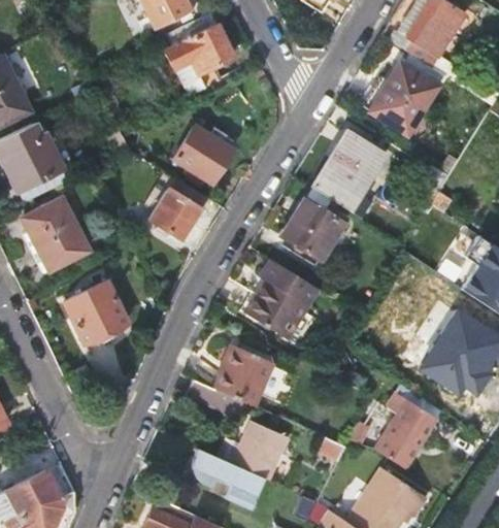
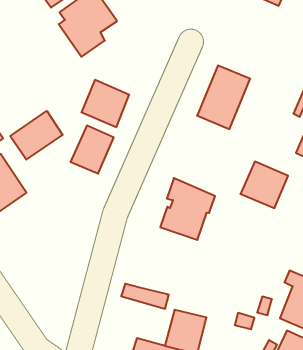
building: [370,64,438,134] -> none
building: none -> [10,111,63,160]
building: [282,198,344,259] -> [240,161,288,208]
building: [62,278,127,341] -> none
building: [210,342,263,401] -> none

